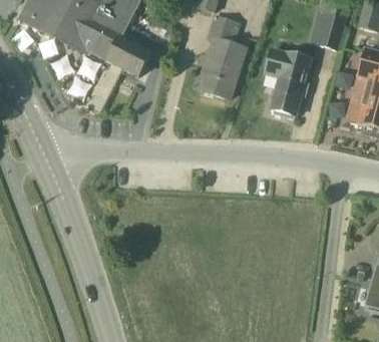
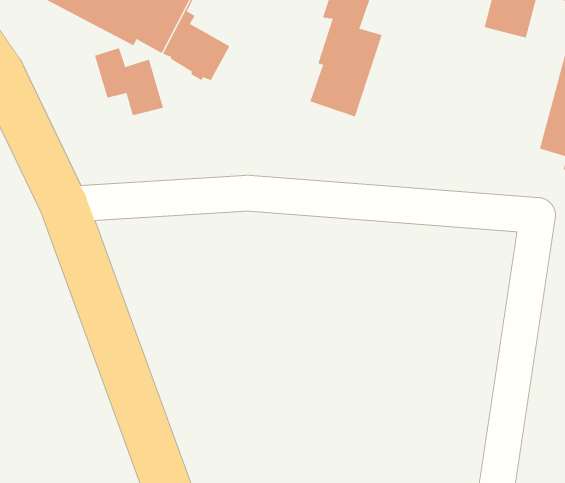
building: [265,49,311,116] -> none

